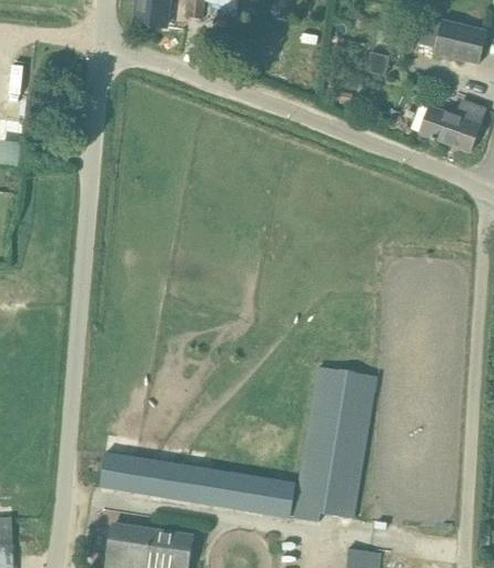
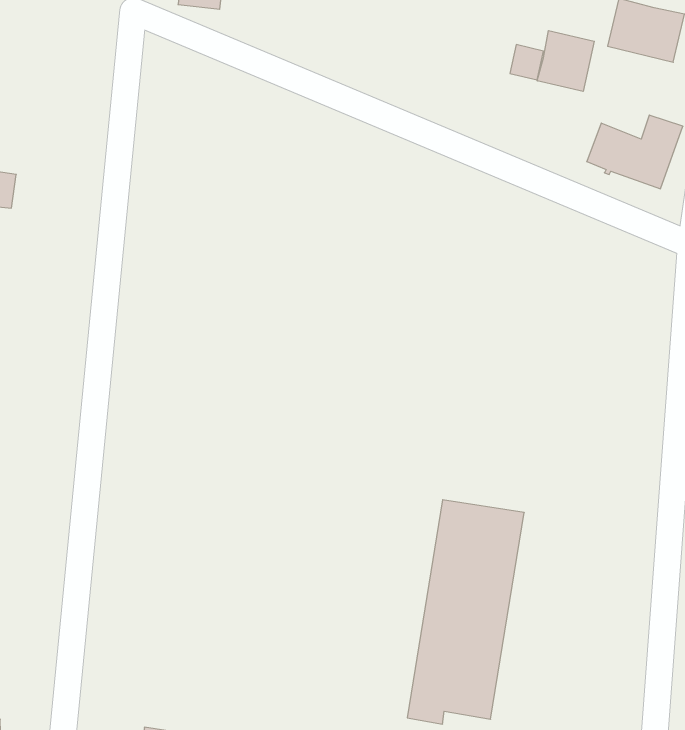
building: none -> [537,31,594,91]
building: [100,453,295,518] -> none

